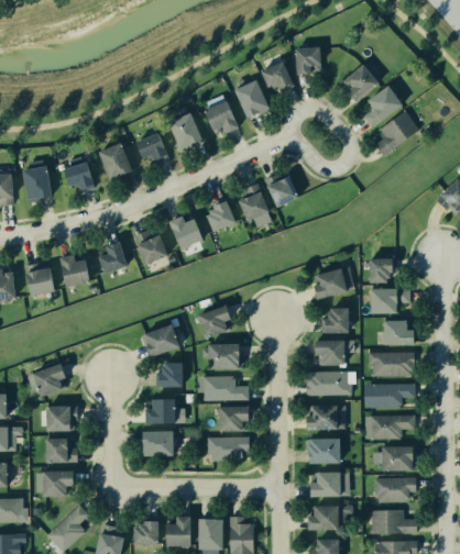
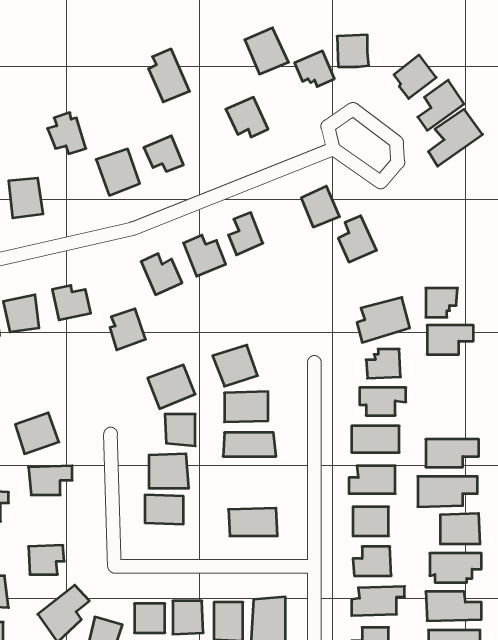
building: [236,80,272,119] -> [245,28,289,74]
building: [169,106,204,149] -> [148,49,190,102]
building: [64,156,96,190] -> [47,113,86,154]
building: [239,182,271,221] -> [338,216,377,262]
building: [98,242,128,276] -> [110,309,146,350]
building: [385,321,416,346] -> none
building: [369,353,415,376] -> none
building: [213,406,244,431] -> none
building: [42,437,78,462] -> none

